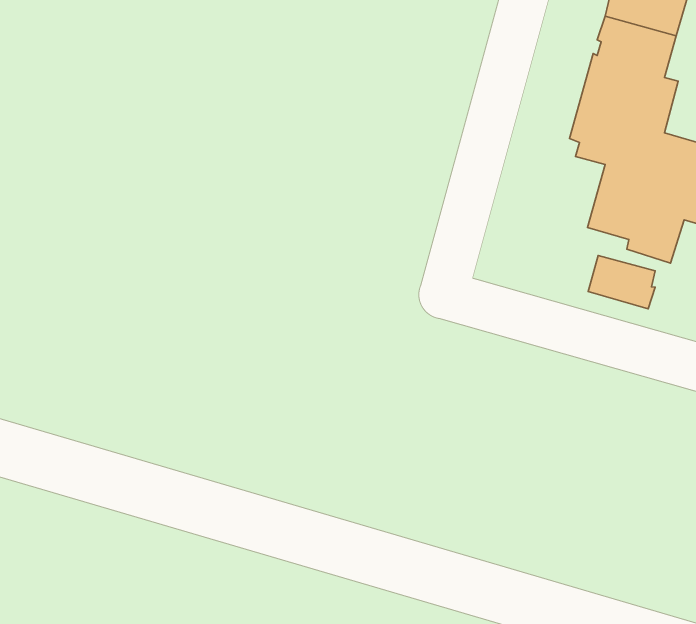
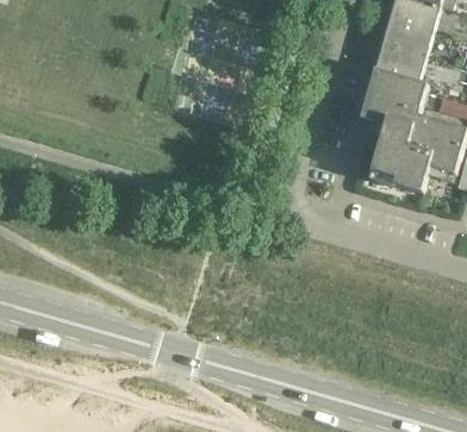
building: [588,256,655,309] -> none

